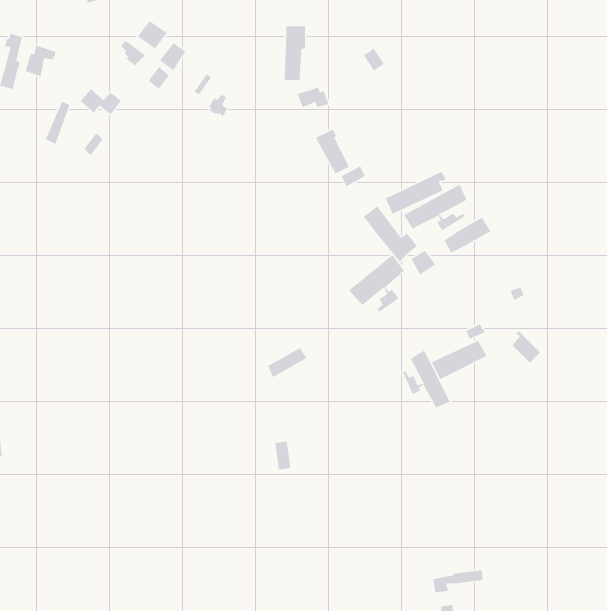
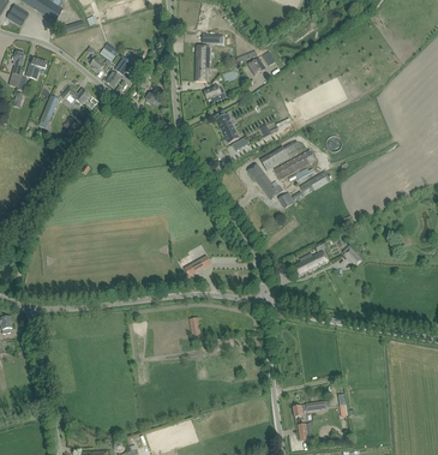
building: [348,254,405,313] -> none
building: [402,349,451,409] -> none

